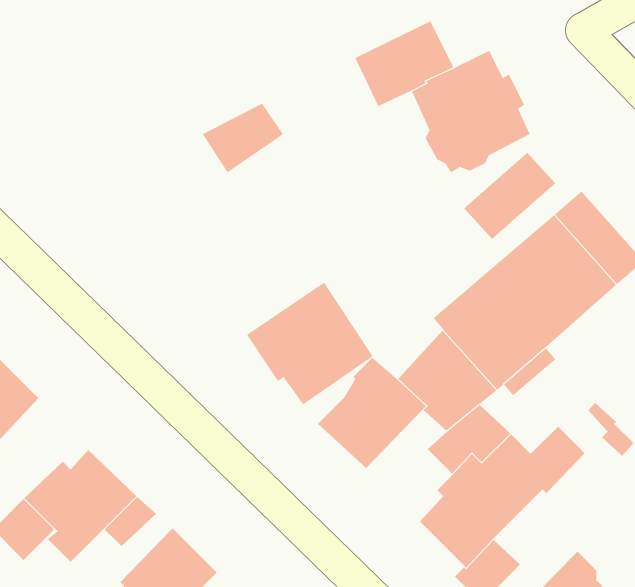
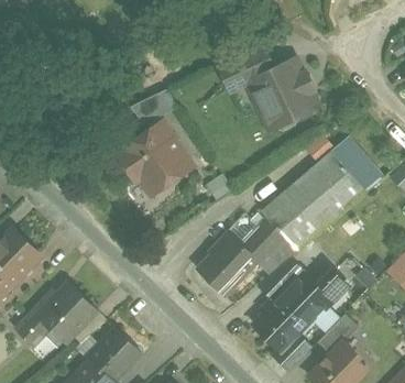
building: [463,152,556,240] -> none
building: [246,282,373,405] -> [120,123,191,193]
building: none -> [318,314,359,354]

